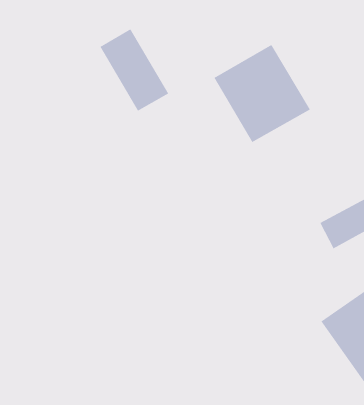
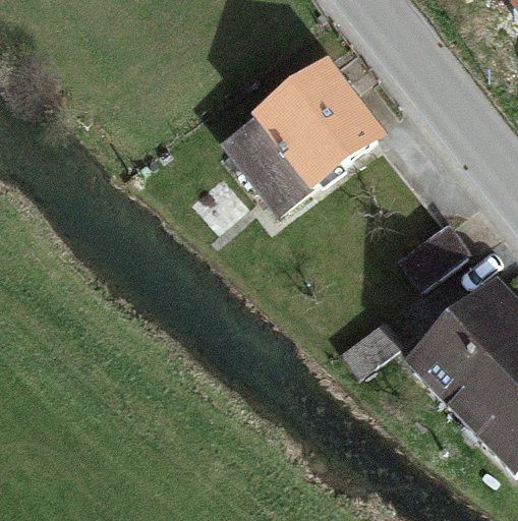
building: [99,28,169,112] -> [230,111,315,204]

